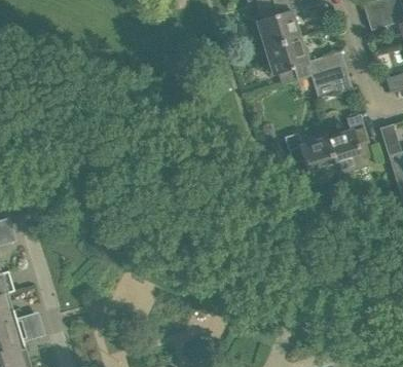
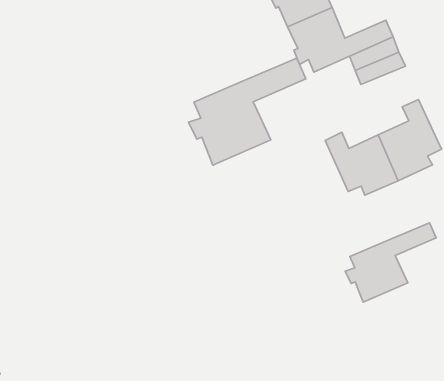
building: none -> [188,58,306,165]
building: none -> [345,223,436,302]

